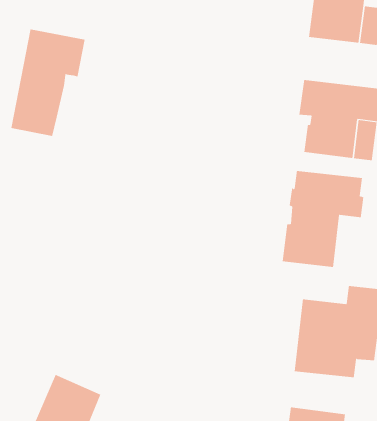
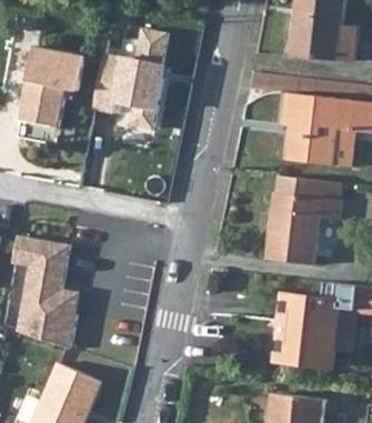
building: none -> [94,30,168,128]
building: none -> [16,235,83,349]

